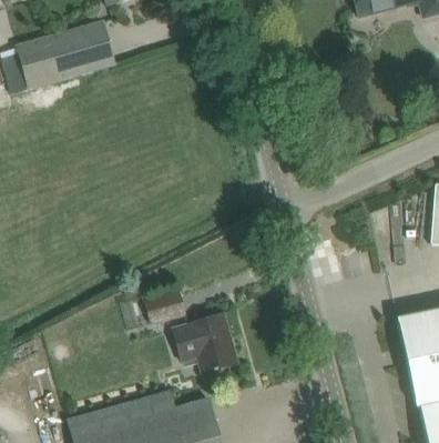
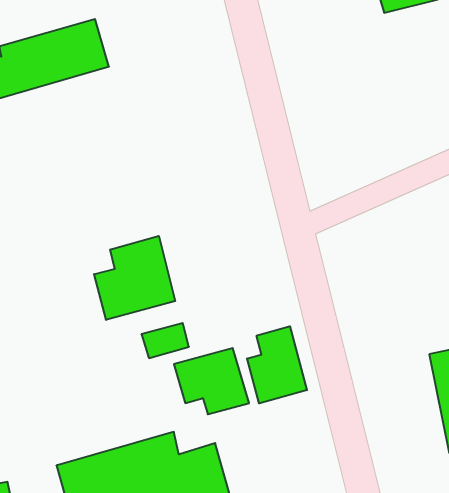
building: none -> [94,236,175,320]
building: none -> [247,326,307,403]

